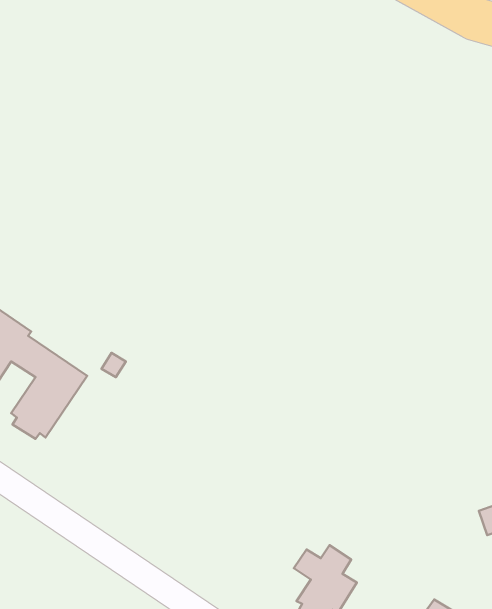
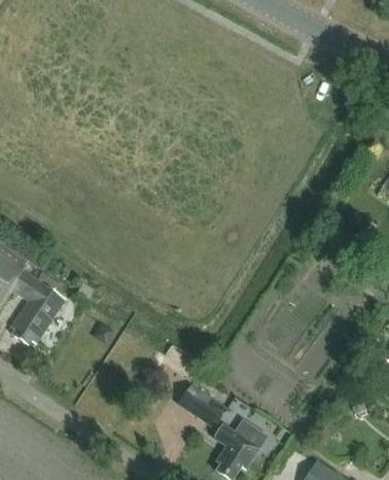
building: none -> [177,385,224,426]

